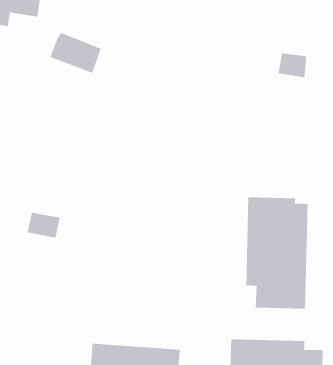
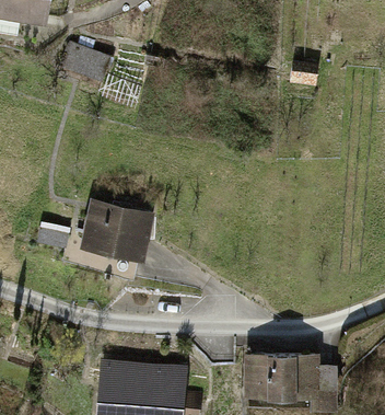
building: none -> [79,199,154,264]
building: [246,197,308,310] -> none

